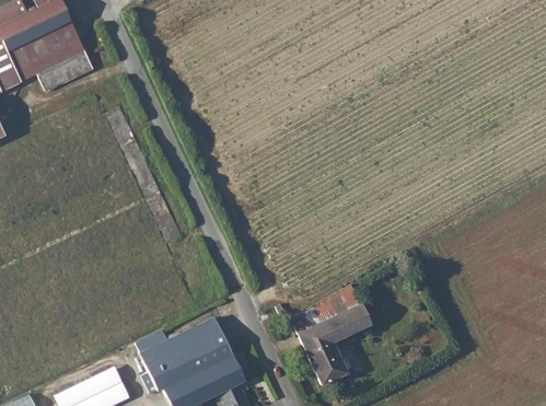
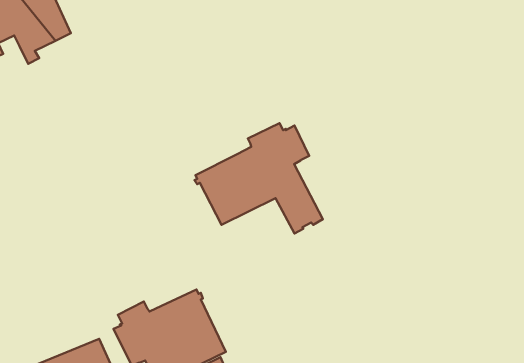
building: none -> [195,123,323,234]
building: [289,283,370,384] -> none

